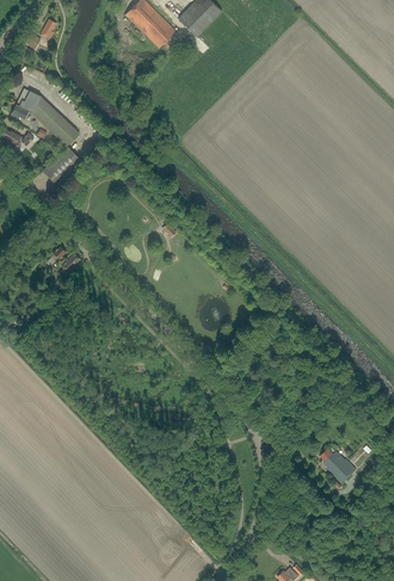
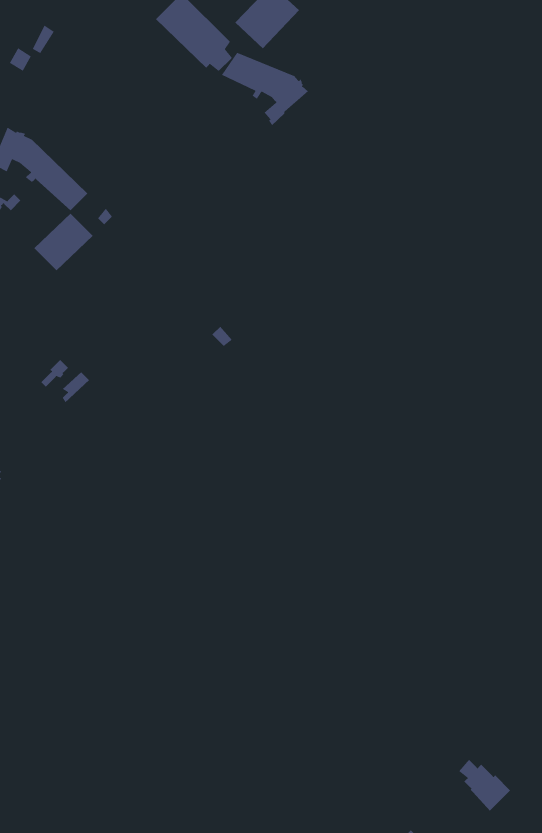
building: none -> [221,52,309,126]
building: [320,447,356,483] -> [458,759,511,812]

